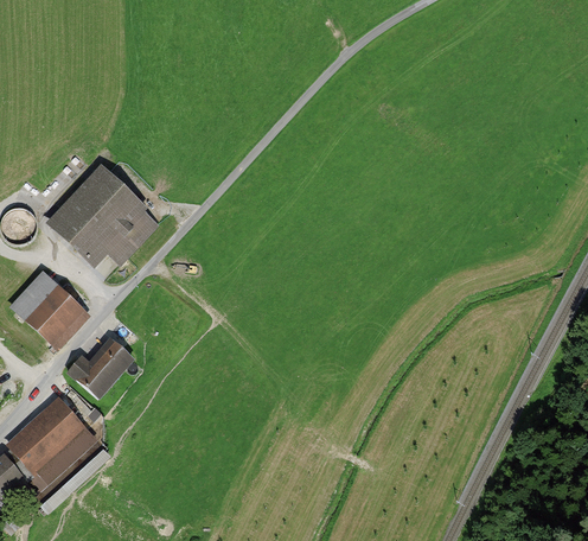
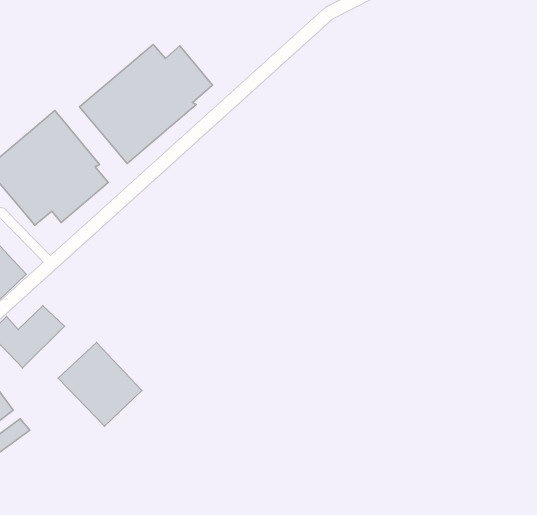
building: none -> [79,45,213,163]
building: none -> [58,342,142,426]

